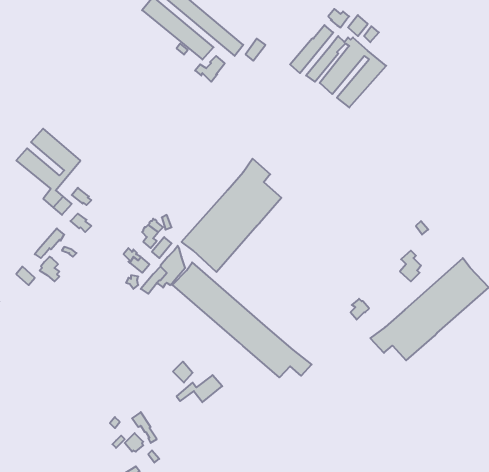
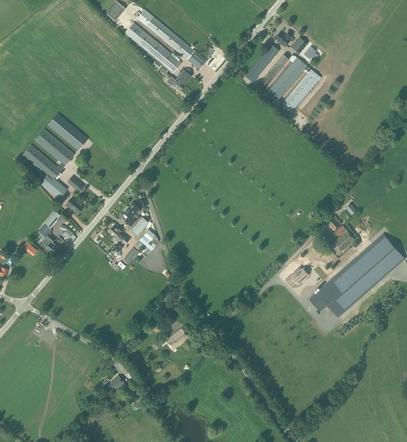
building: none -> [48,112,88,149]
building: [182,159,281,272] -> none
building: [172,262,312,377] -> none

